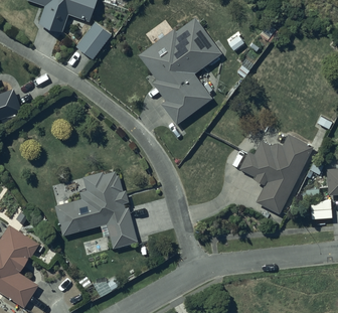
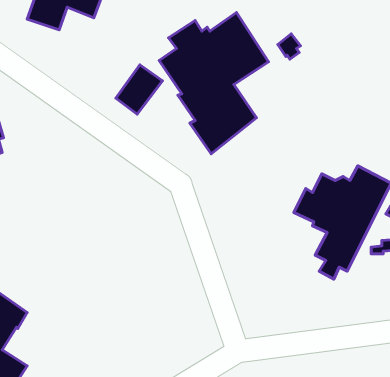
building: [76,21,112,58] -> [116,65,163,114]
building: [54,171,137,248] -> none

